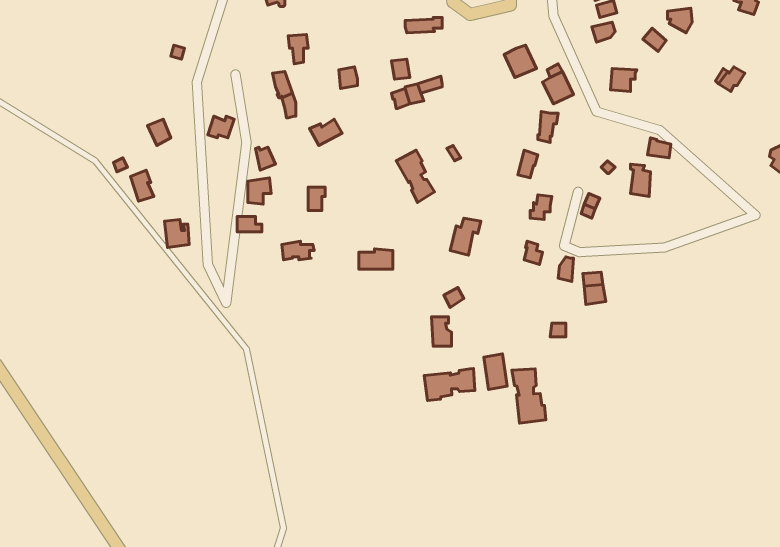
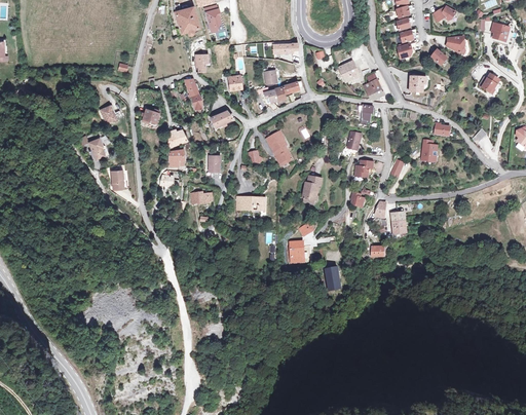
building: [424,368,475,400] -> none
building: [512,369,546,423] -> none

